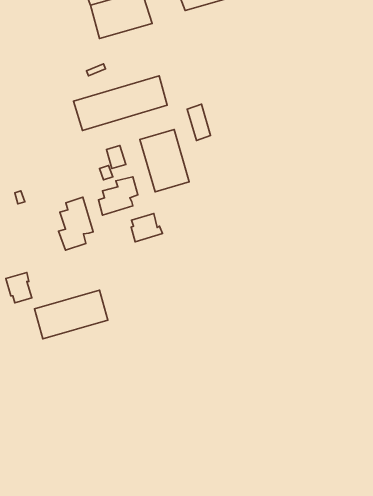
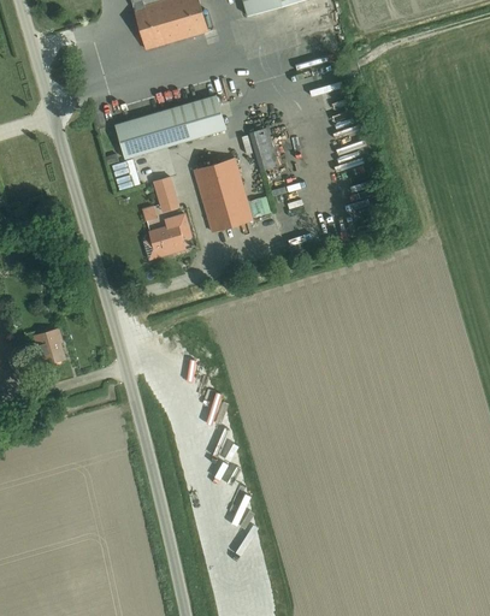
building: [58,197,93,250] -> none
building: [131,214,162,242] -> none
building: [35,290,108,339] -> none

